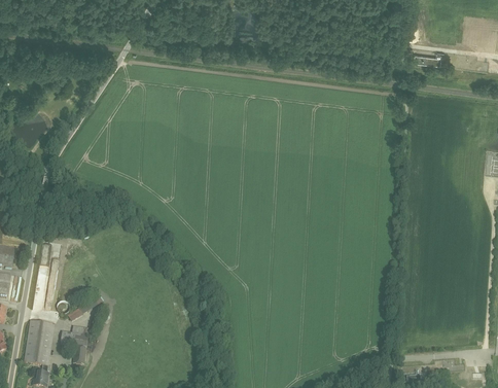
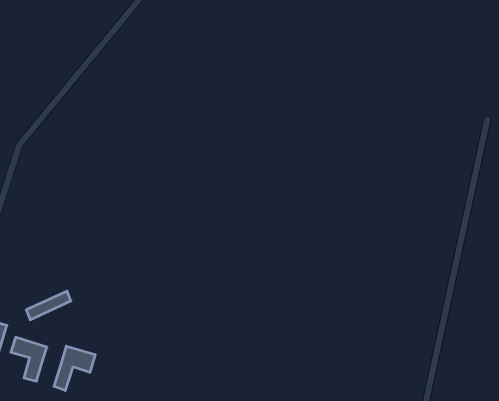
building: none -> [54,346,95,391]

